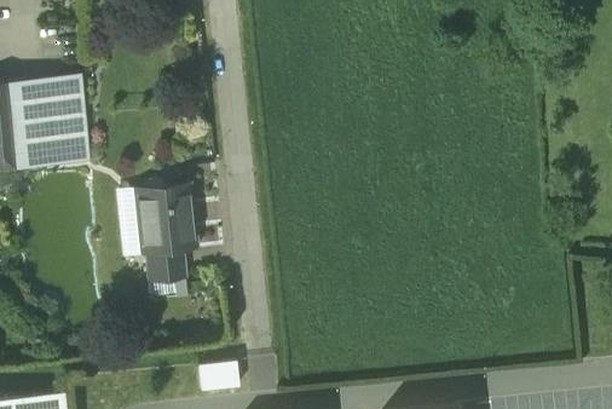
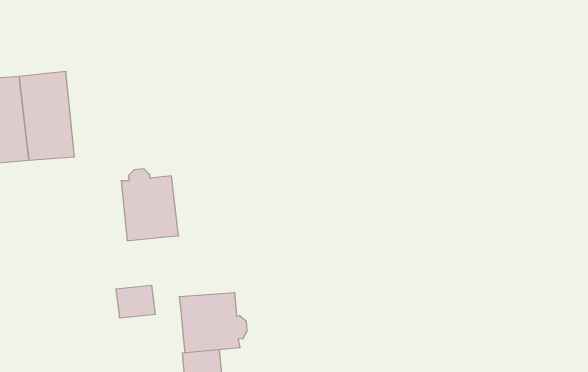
building: [143,249,183,282] -> [116,285,155,318]
building: none -> [180,292,247,353]

